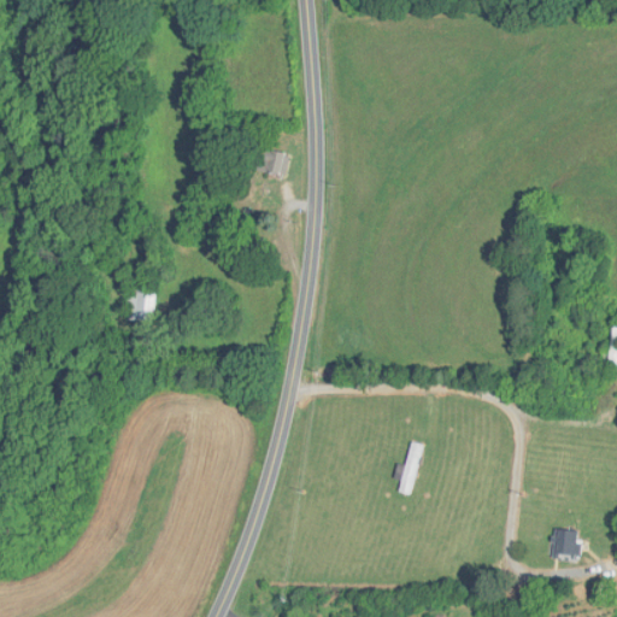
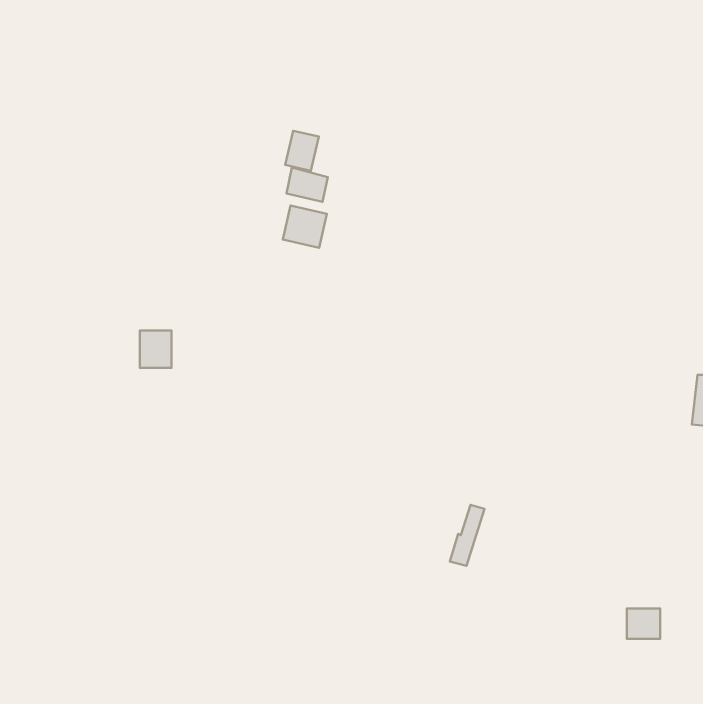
building: none -> [285,131,319,171]
building: none -> [283,206,327,248]

